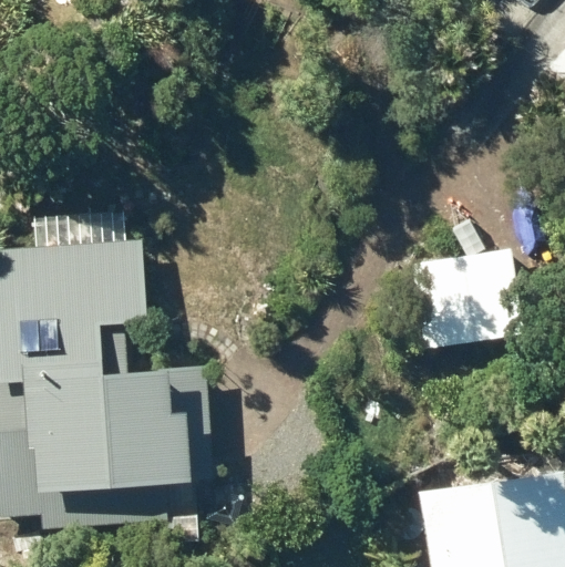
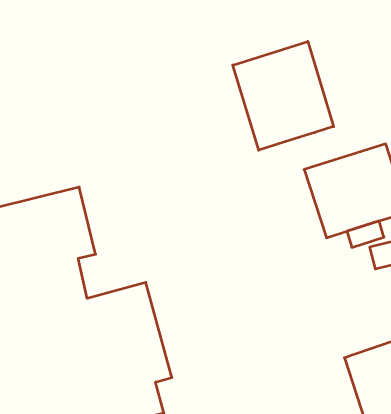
building: none -> [233,41,334,150]

